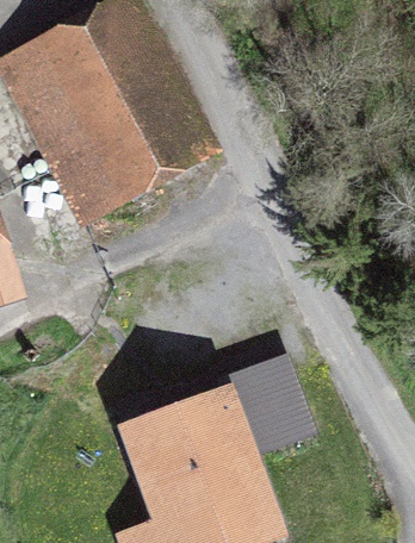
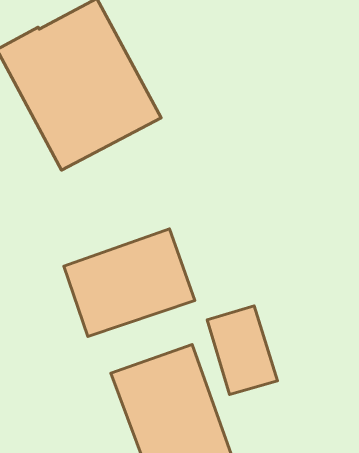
building: none -> [64,229,195,337]

